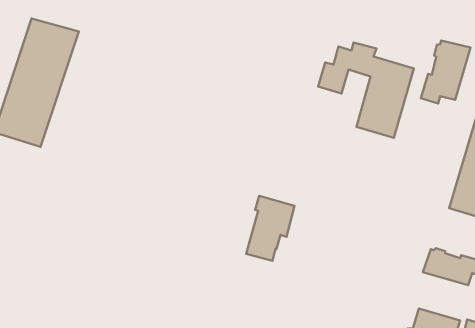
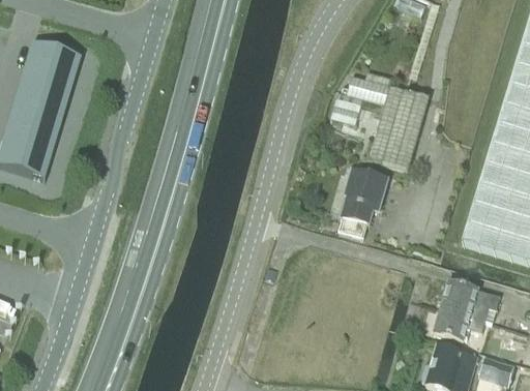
building: [421,41,470,103] -> none
building: [246,196,295,261] -> [336,168,386,235]
building: none -> [430,305,484,342]

